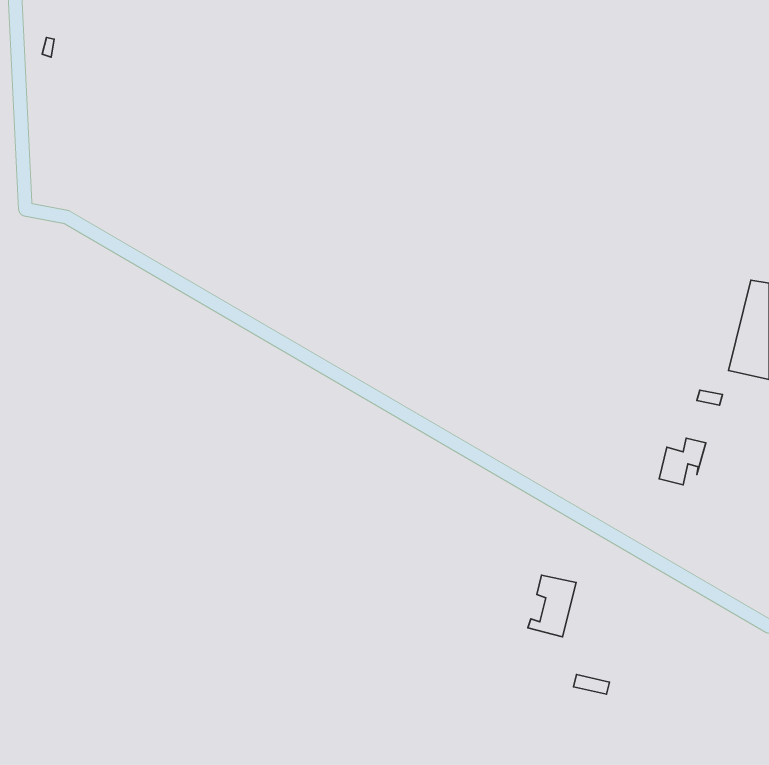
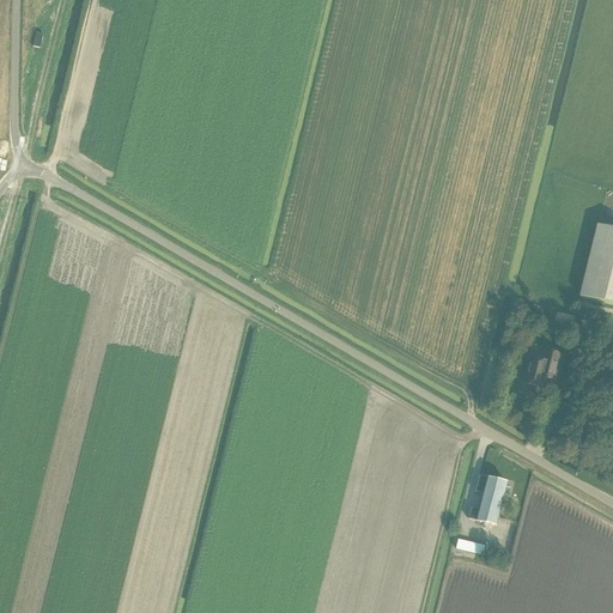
building: [528,575,576,637] -> [469,474,508,523]

